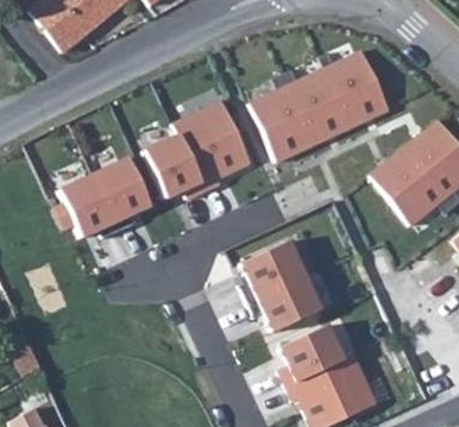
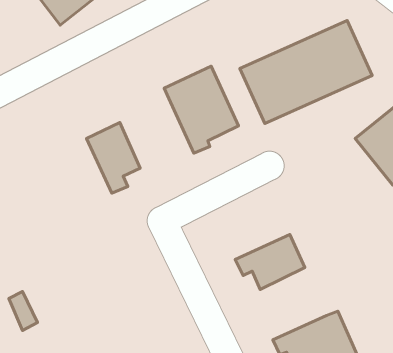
building: [145,133,206,197] -> none
building: [61,175,120,238] -> none
building: [241,241,306,301] -> none
building: [281,324,344,384] -> none

